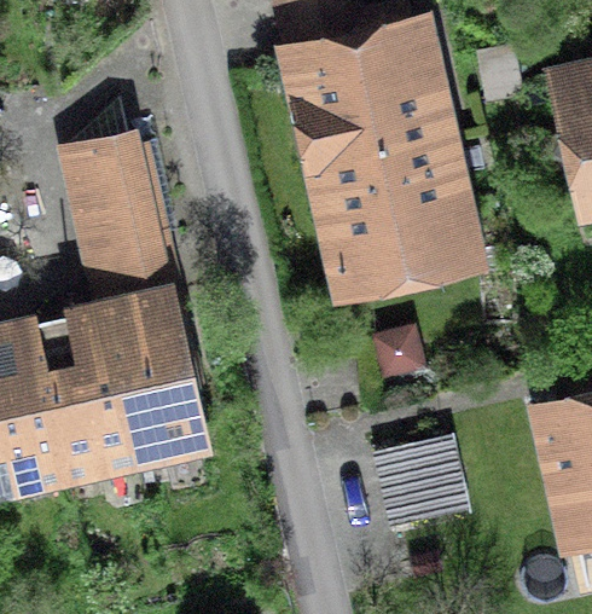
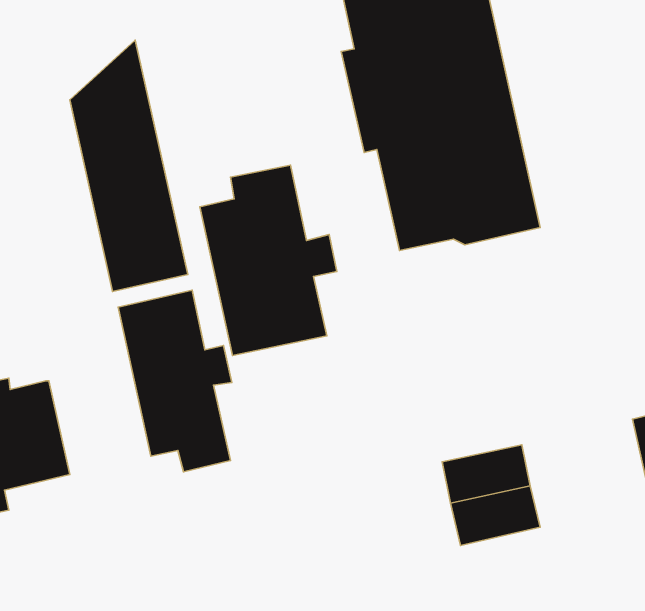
building: none -> [200,165,337,355]
building: [34,318,137,471] -> none

